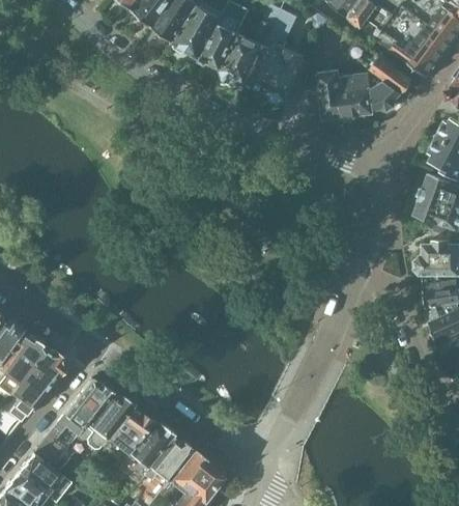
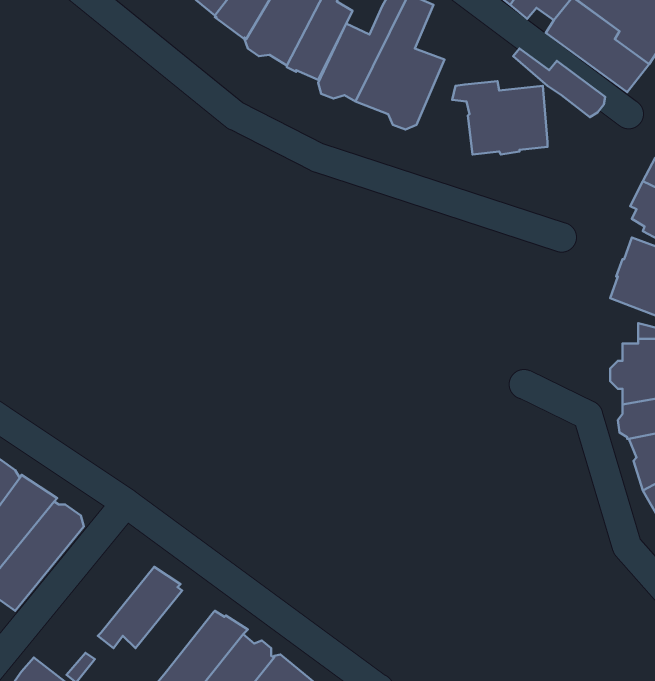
building: [371,79,401,111] -> none
building: [47,378,112,440] -> none
building: [94,407,151,462] -> none

